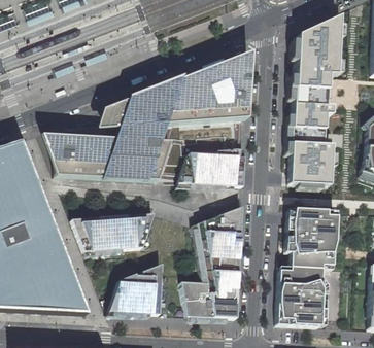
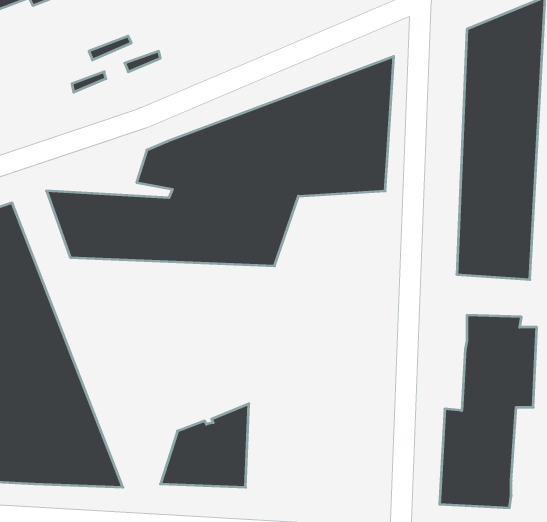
building: [183,139,244,181] -> none
building: [182,207,243,318] -> none
building: [73,212,156,250] -> none

